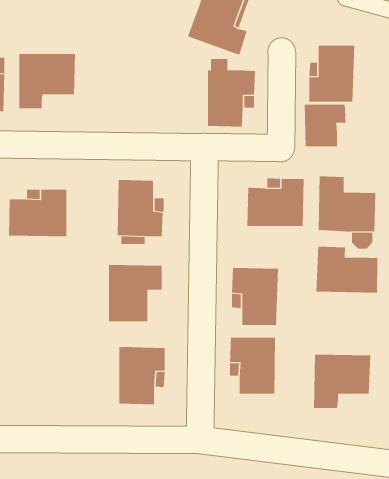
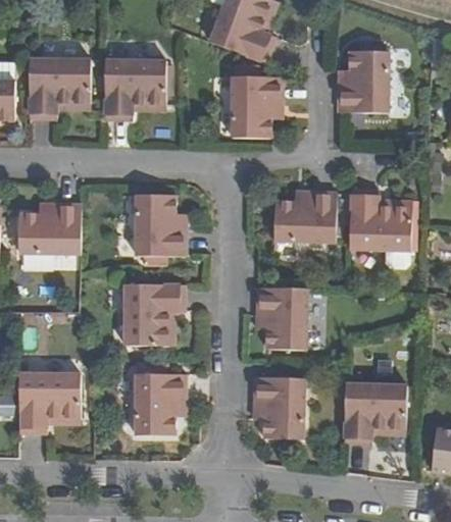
building: none -> [104,59,165,118]
building: [304,104,346,147] -> none
building: [316,246,378,294] -> none
building: none -> [18,374,78,433]

